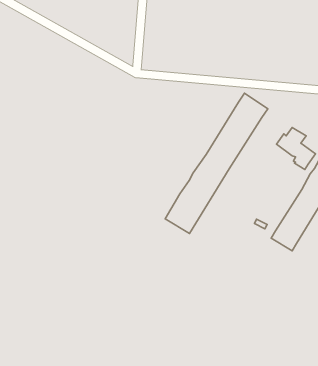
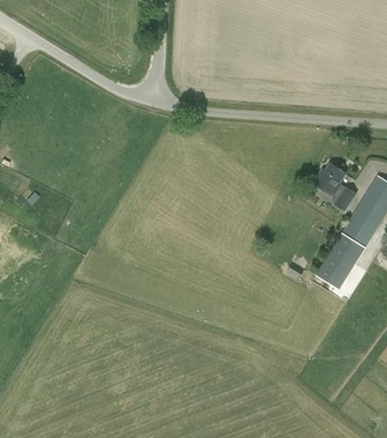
building: [165,93,268,233] -> none

